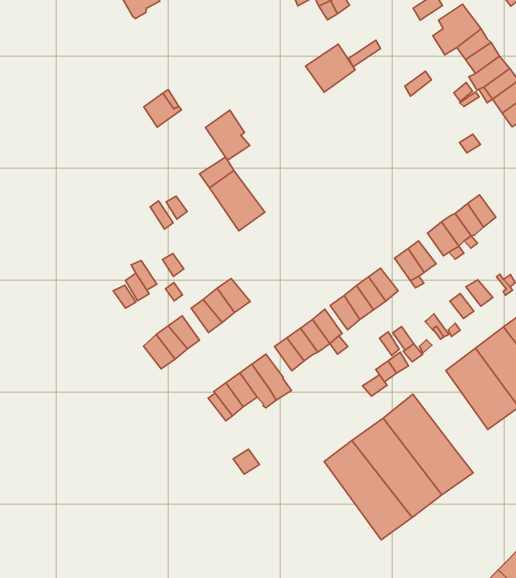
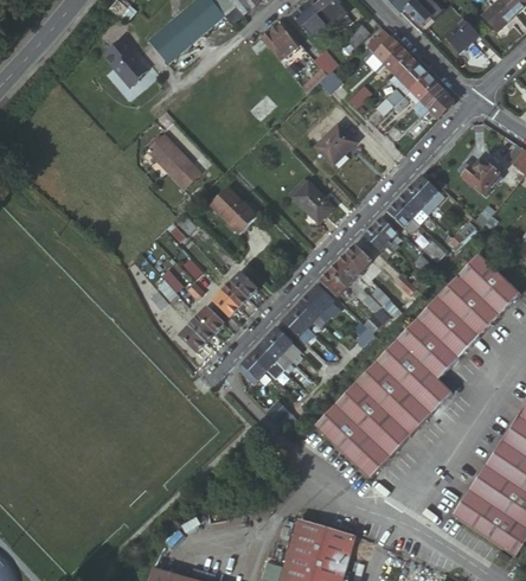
building: [305,44,355,92] -> [315,126,354,165]
building: [206,110,250,160] -> [162,148,199,187]
building: none -> [293,181,333,222]
building: none -> [396,317,458,378]
building: none -> [314,403,390,478]

